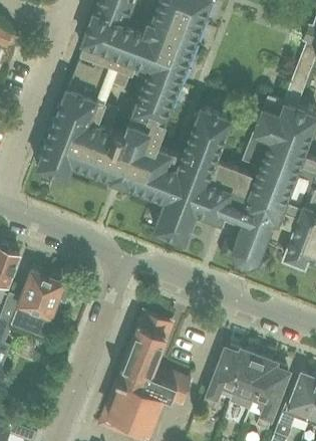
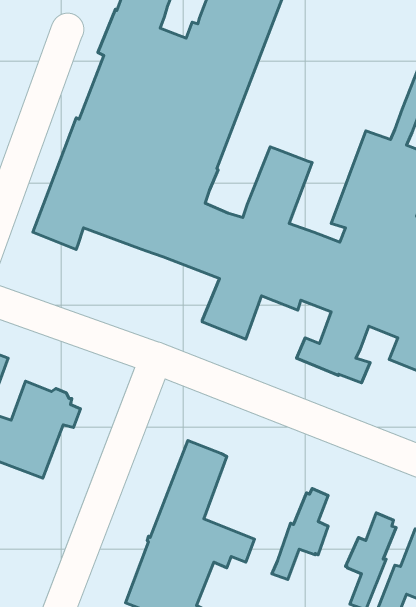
building: [233,350,275,400] -> none

